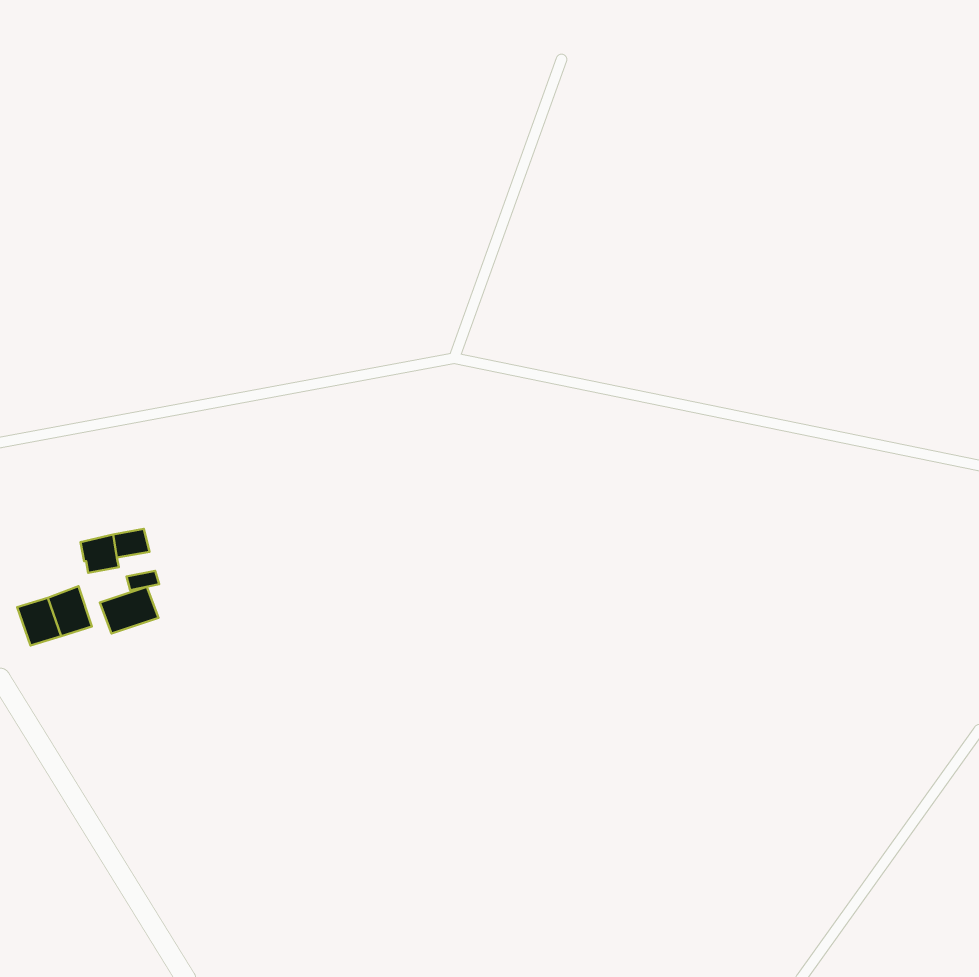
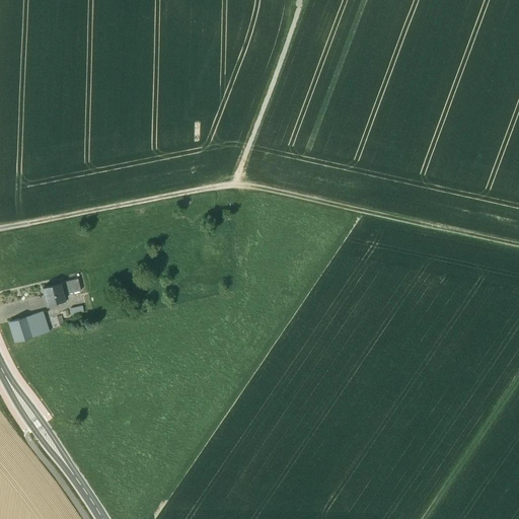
building: [100,587,159,633] -> none

